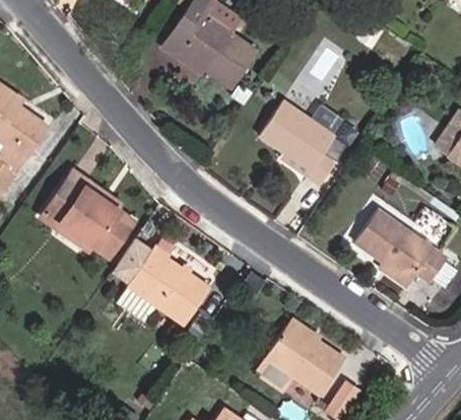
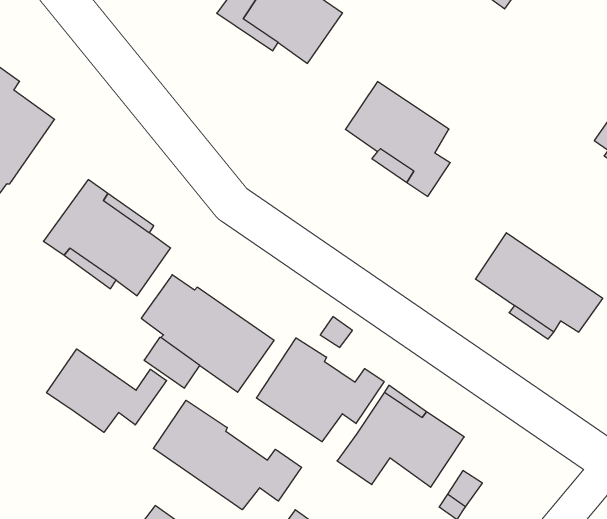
building: none -> [256,338,384,442]
building: none -> [47,349,167,432]
building: none -> [153,400,302,510]

